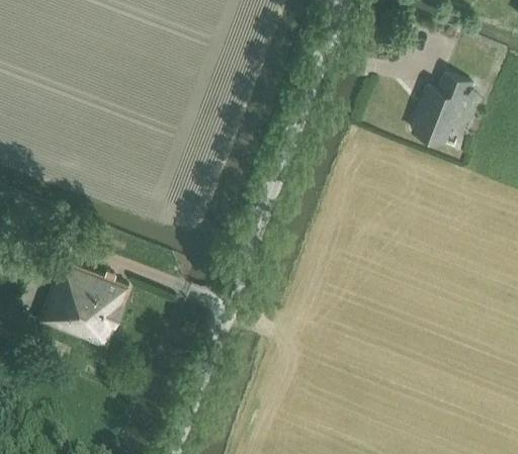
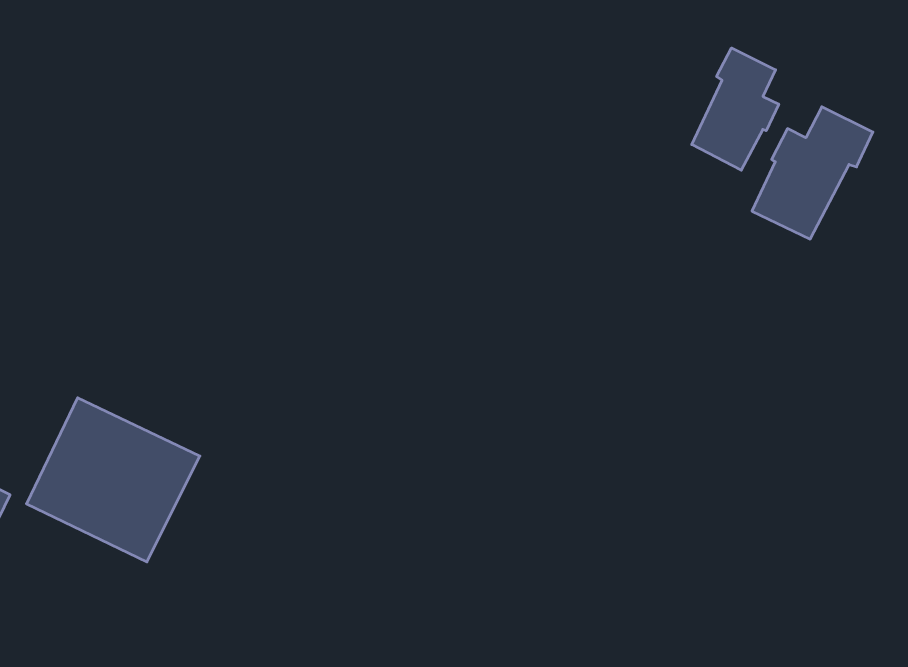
building: none -> [692,48,779,170]

